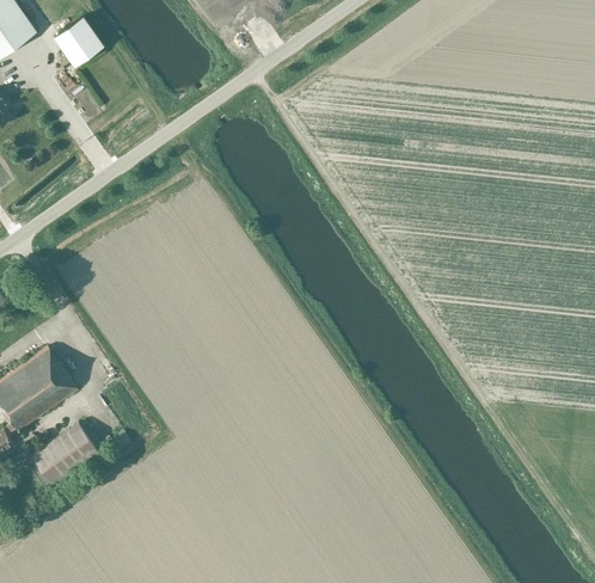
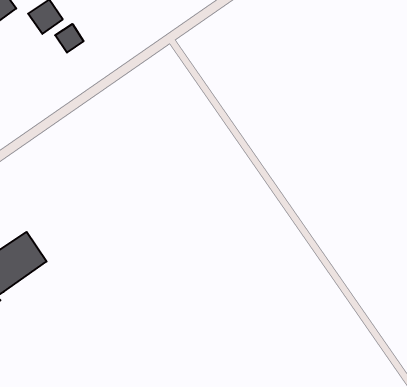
building: none -> [55,24,84,53]
building: [30,423,99,486] -> none

